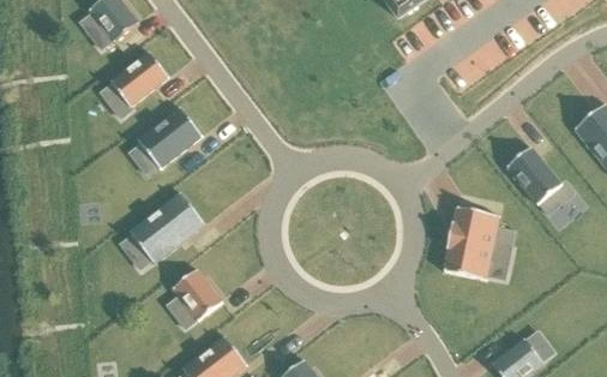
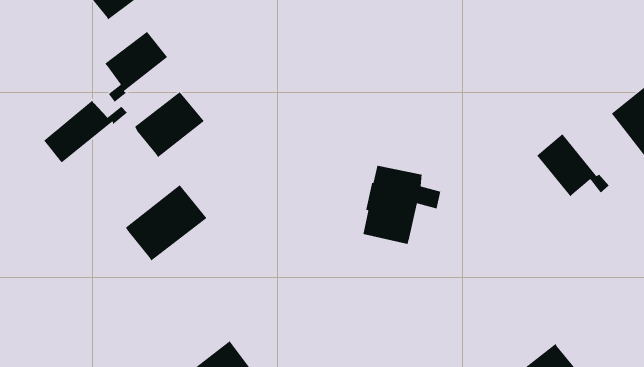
building: none -> [43,100,128,164]
building: [443,207,515,280] -> [362,165,441,245]
building: [170,268,221,321] -> none

